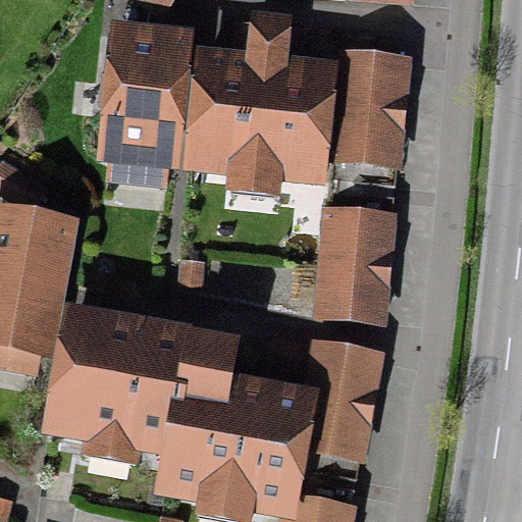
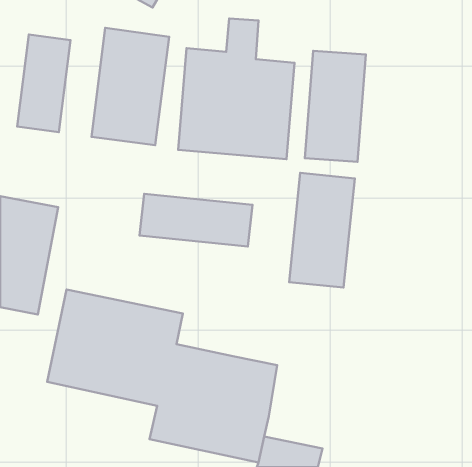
building: none -> [17,34,71,132]
building: none -> [140,194,253,247]
building: [297,346,375,468] -> none

